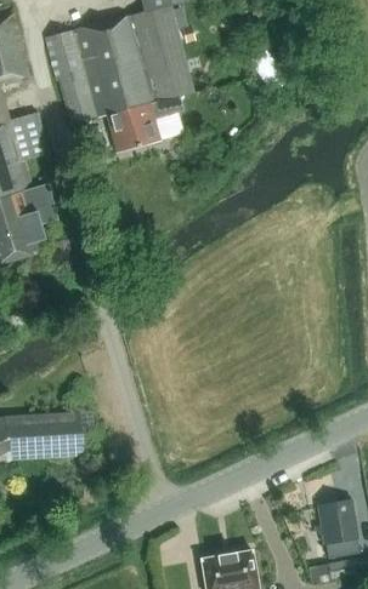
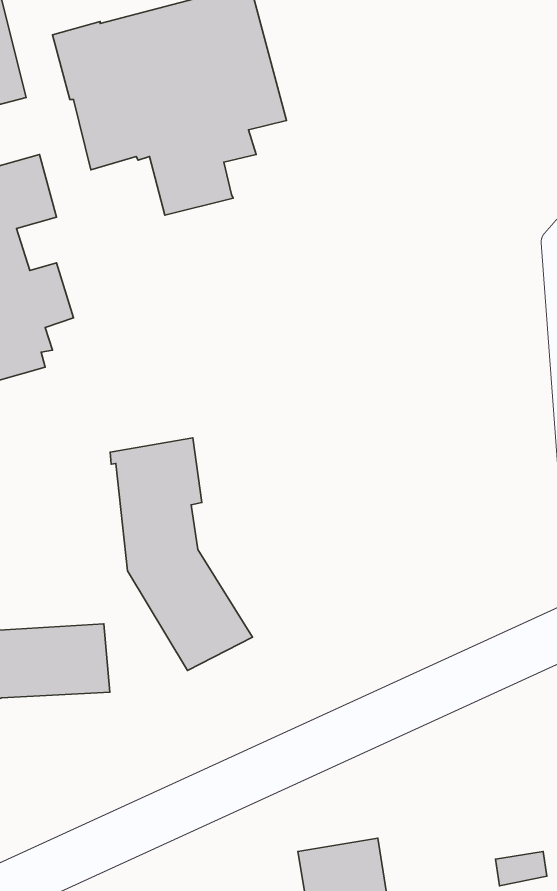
building: none -> [110,438,252,670]
building: [318,498,358,559] -> none

